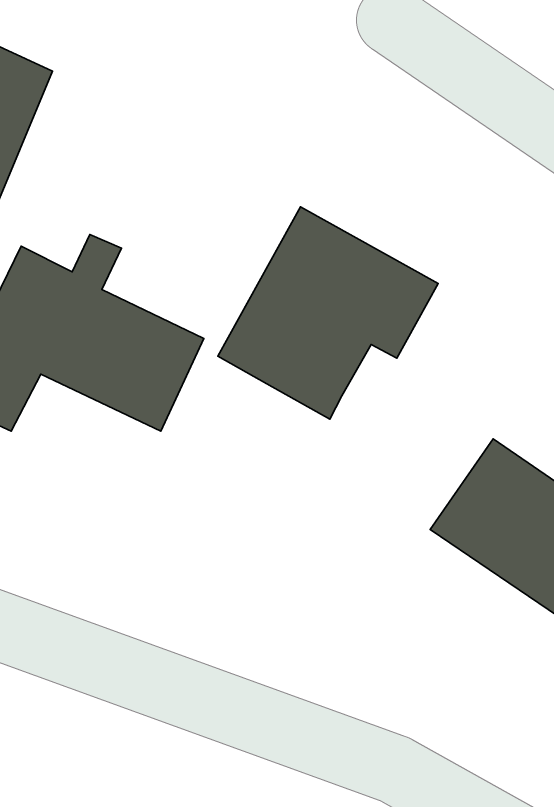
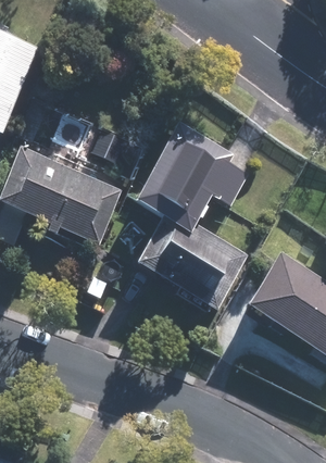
building: none -> [134,221,251,311]

